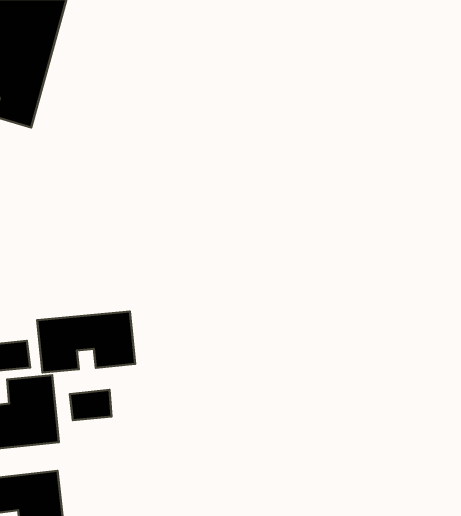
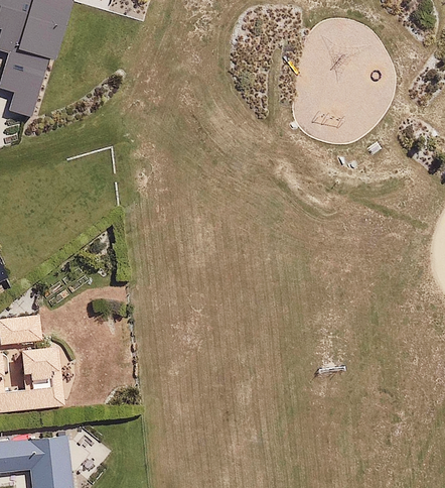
building: [37,311,135,373] -> none
building: [70,390,112,420] -> none

